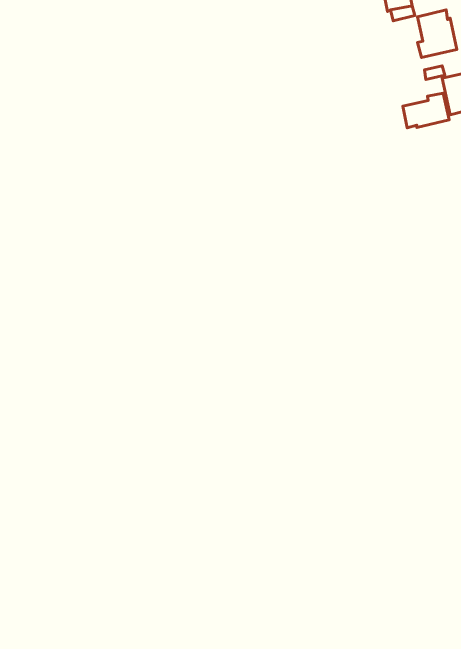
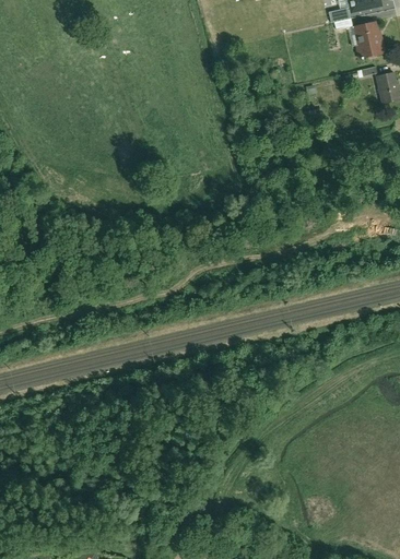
building: [403,93,449,128] -> none

